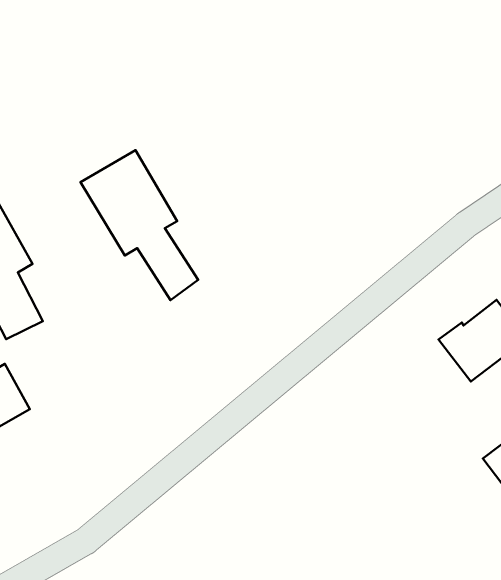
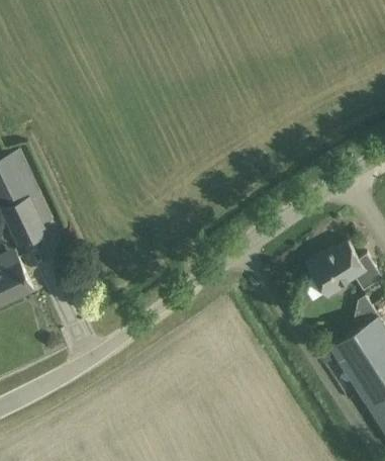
building: [81,150,198,300] -> none

